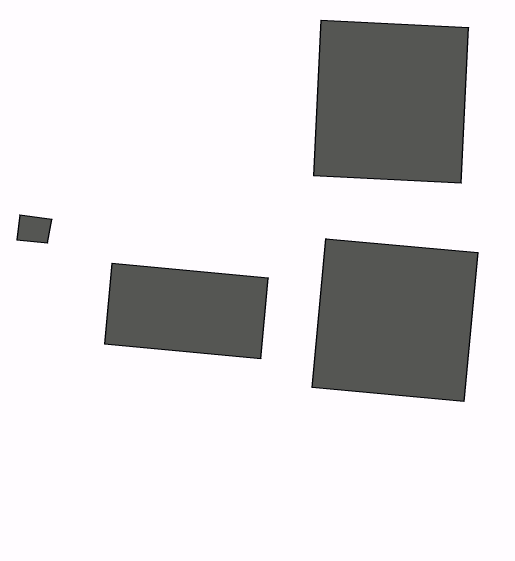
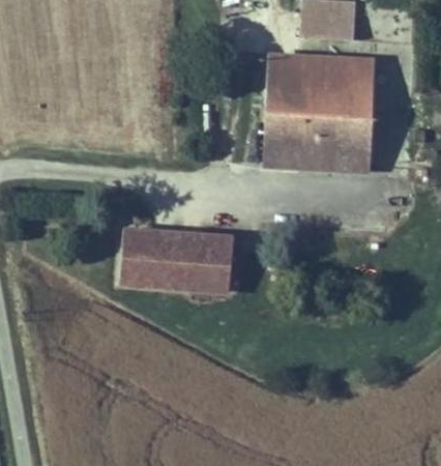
building: [312,239,478,401] -> none

